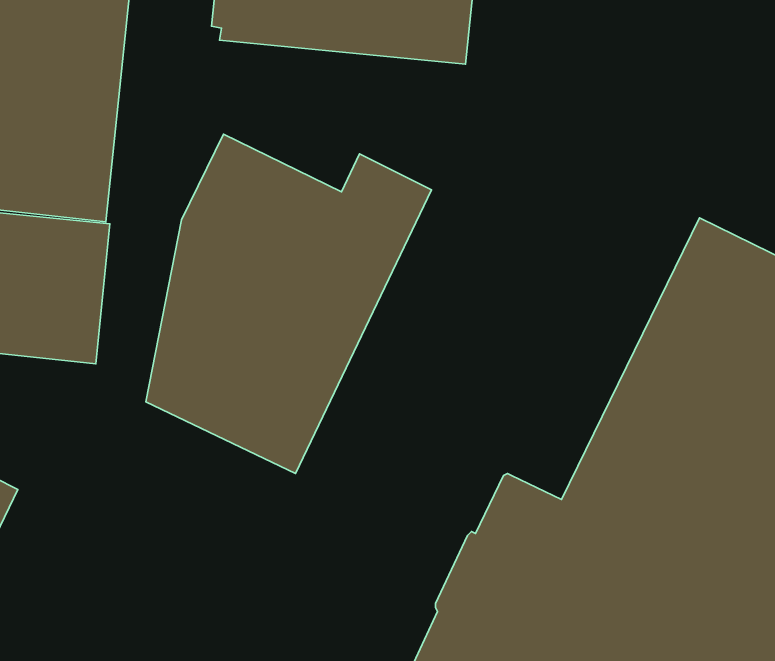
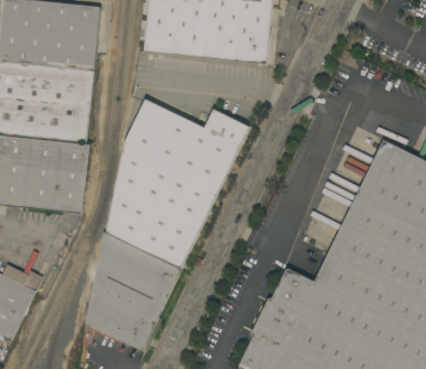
building: none -> [86,232,182,351]

